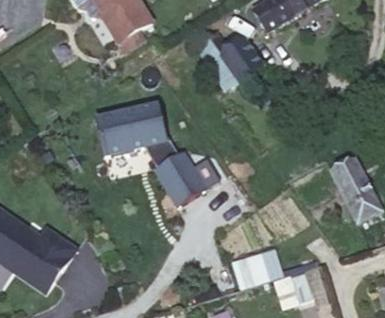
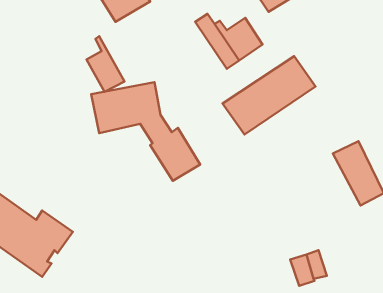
building: none -> [86,36,124,92]
building: none -> [222,56,315,134]
building: [231,245,282,286] -> none

